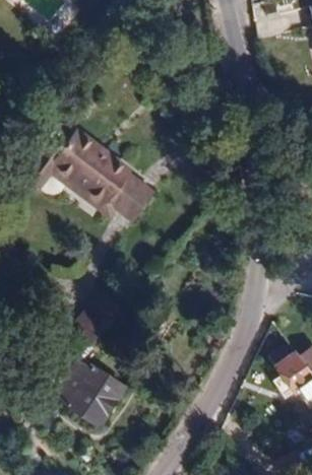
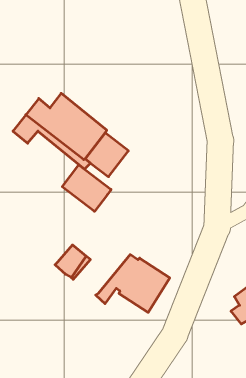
building: none -> [62,165,111,211]
building: [38,358,125,426] -> [96,255,170,312]

